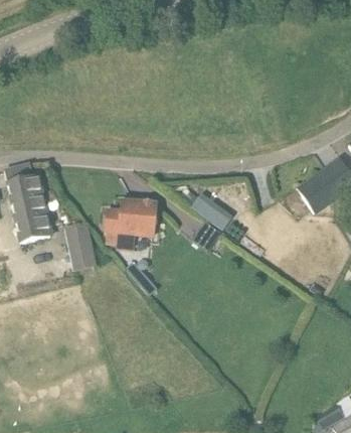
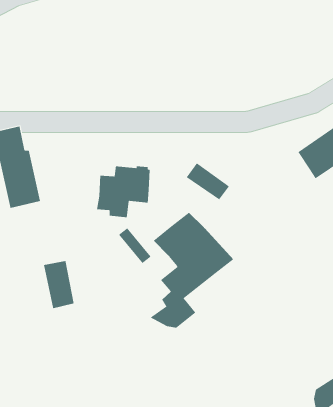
building: [65,228,96,274] -> [43,261,75,309]
building: none -> [149,212,234,328]

